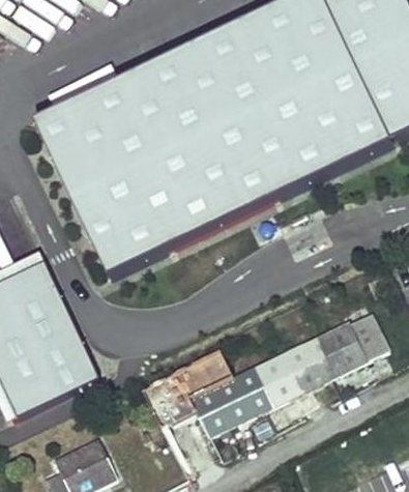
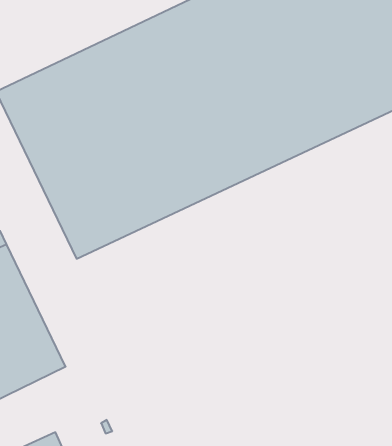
building: [146,298,380,434] -> none

